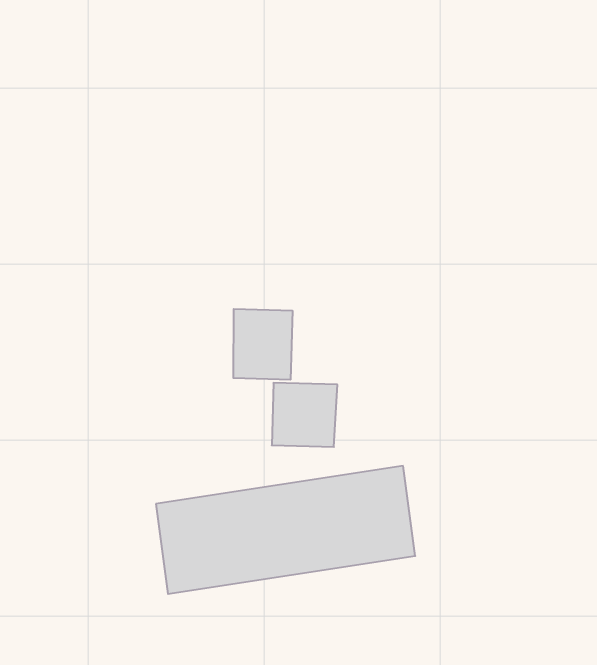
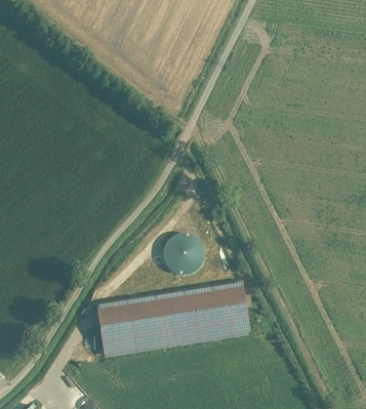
building: [233,309,292,380] -> none

